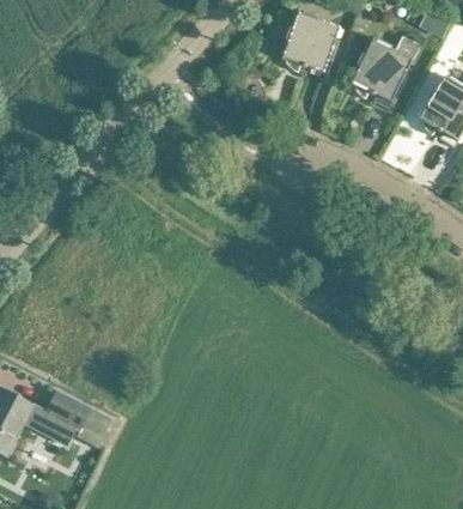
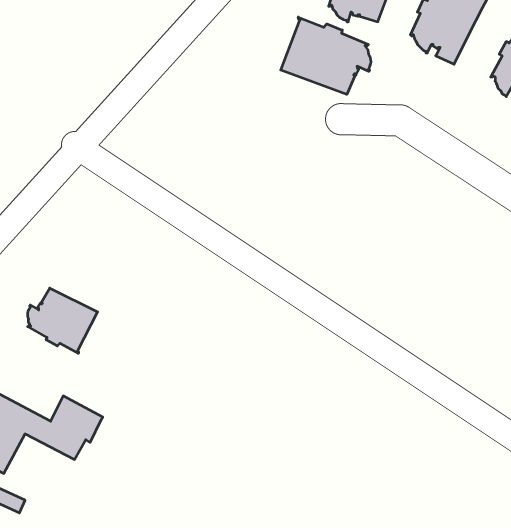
building: none -> [281,17,371,94]
building: none -> [28,288,98,353]

